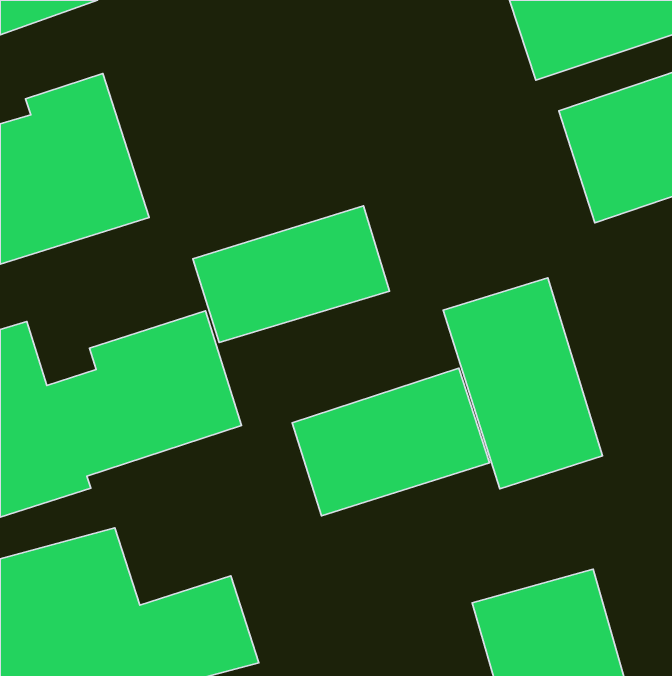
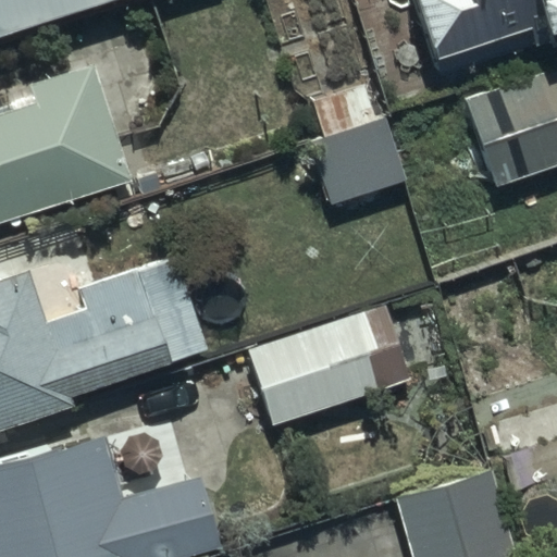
building: none -> [311,83,408,205]
building: [193,206,390,343] -> none
building: [443,278,603,489] -> none

